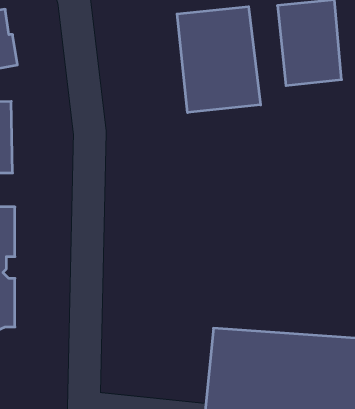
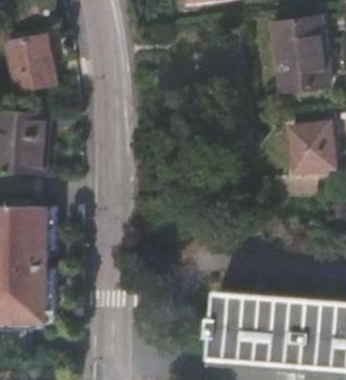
building: [177,7,261,113] -> none
building: none -> [289,120,333,169]

